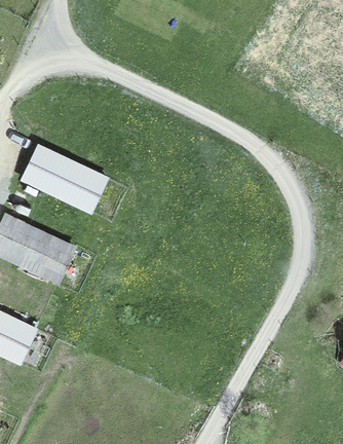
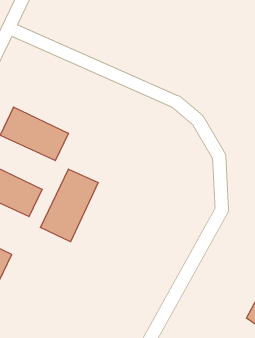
building: none -> [40,169,98,242]

